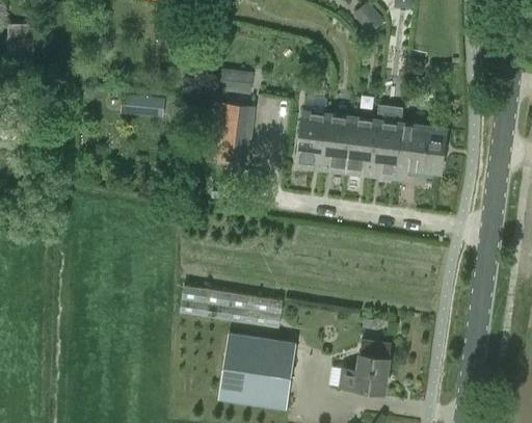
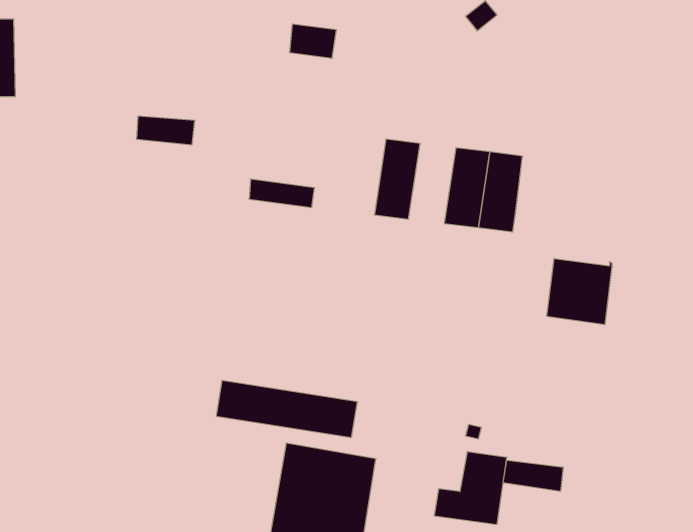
building: [218,69,252,94] -> [289,24,336,58]
building: [222,101,254,139] -> none
building: [319,114,353,173] -> none
building: [397,124,445,171] -> [547,259,612,325]
building: none -> [503,460,563,491]

